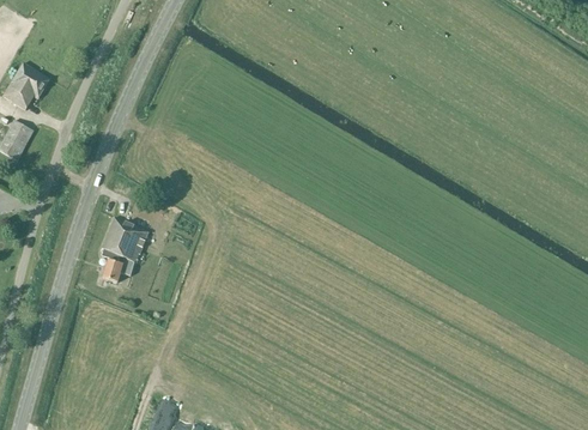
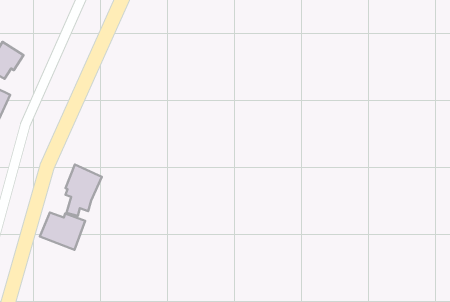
building: none -> [40,212,85,250]

